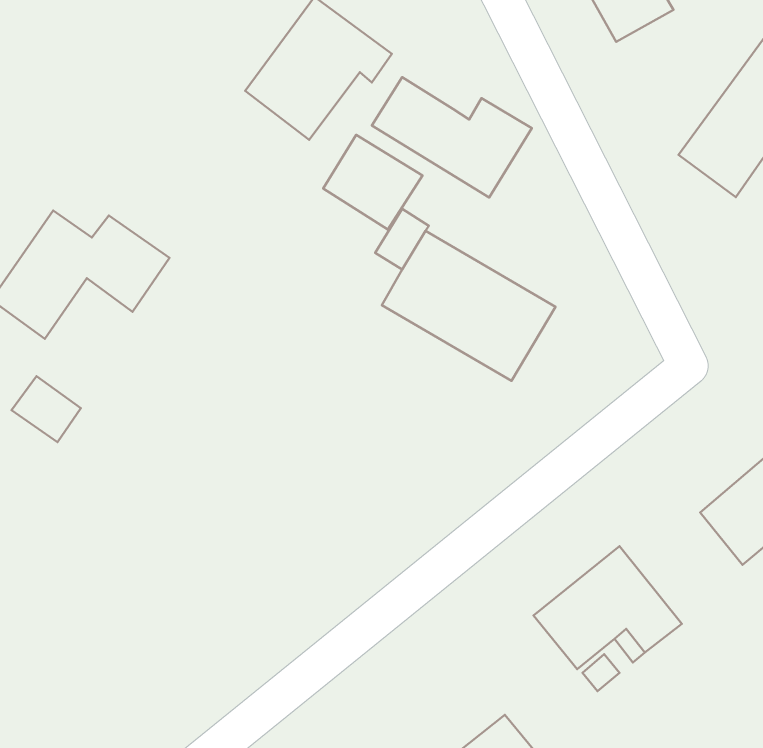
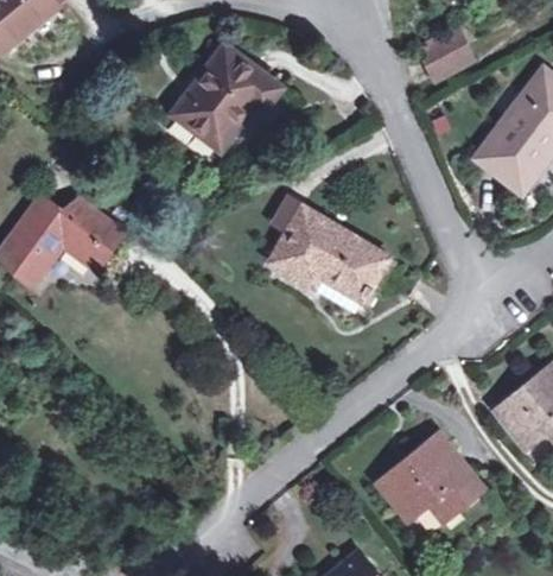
building: [372,77,532,198] -> none
building: [323,135,423,229] -> none
building: [12,376,81,442] -> none

